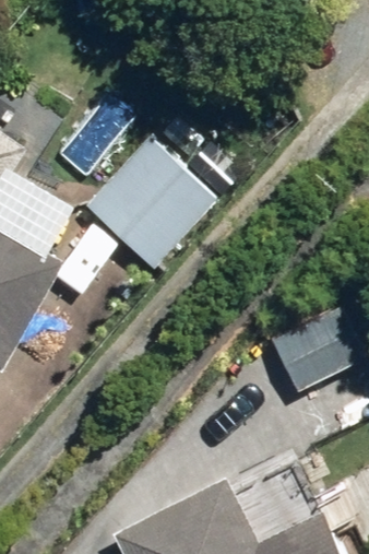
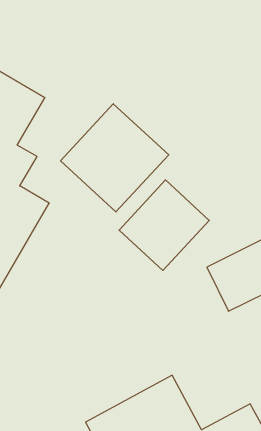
building: none -> [119,180,209,270]

